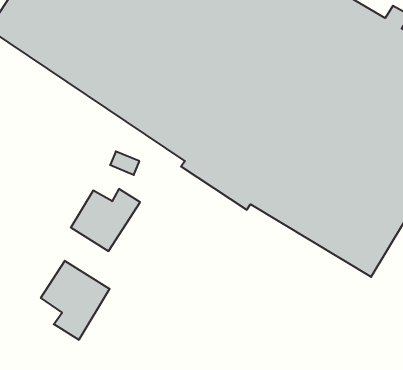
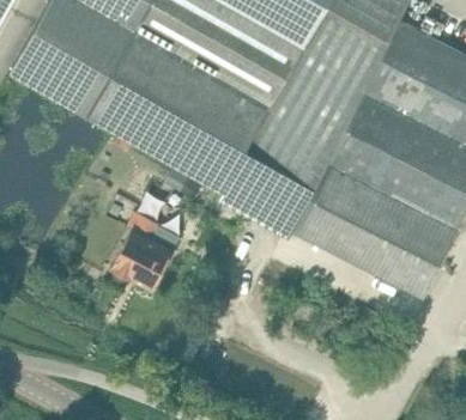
building: [41,261,110,340] -> none

